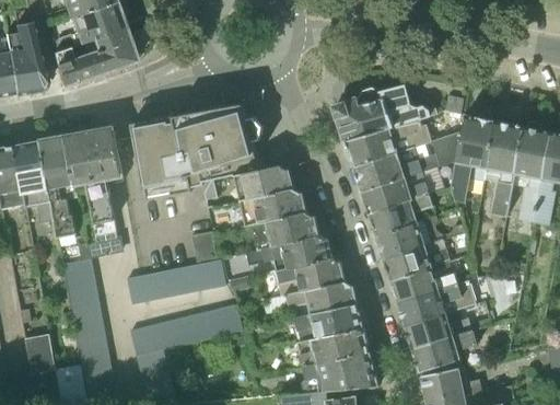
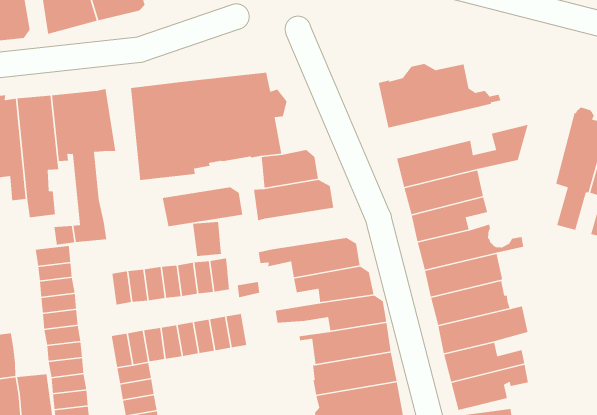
building: [451,111,498,204] -> none
building: [346,120,431,167] -> none
building: [250,212,318,250] -> [162,186,243,227]

